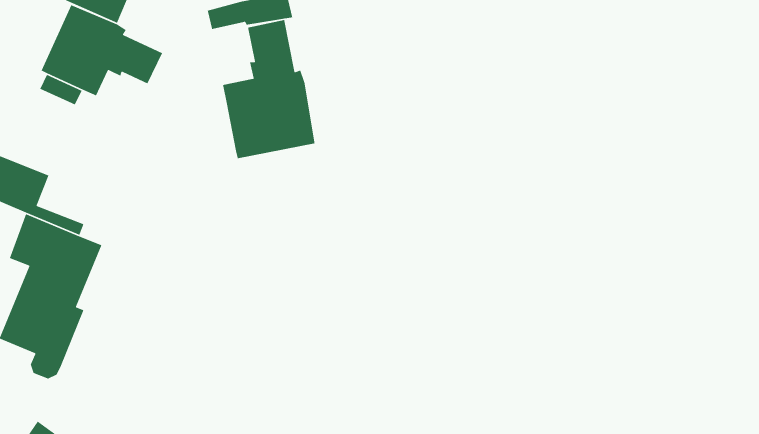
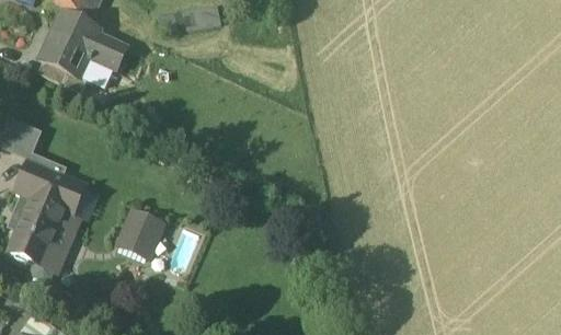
building: [222,19,316,159] -> none
building: none -> [121,212,161,252]

